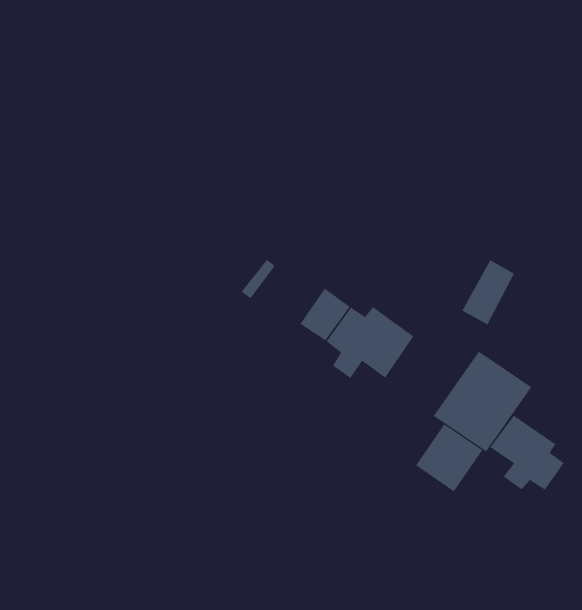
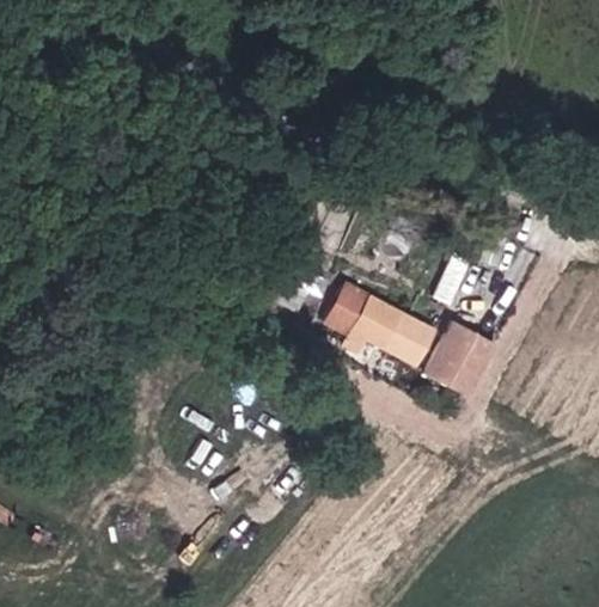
building: [490,415,564,491] -> none
building: [415,423,483,492] -> [385,314,435,366]

